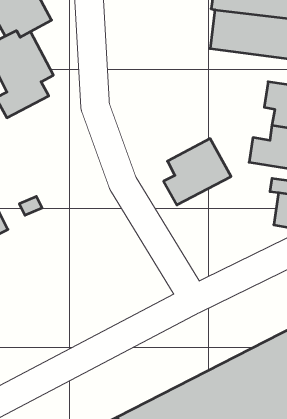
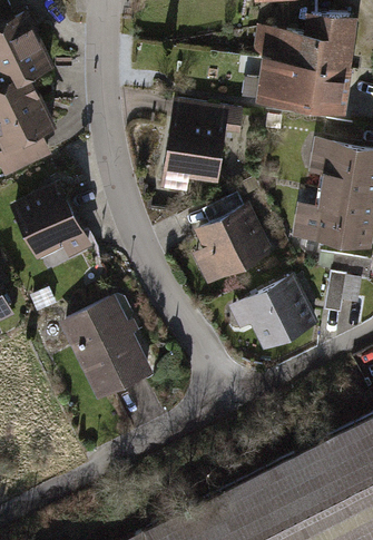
building: none -> [159,104,244,193]
building: none -> [14,184,99,262]
building: none -> [227,279,315,347]
building: none -> [63,296,157,399]

